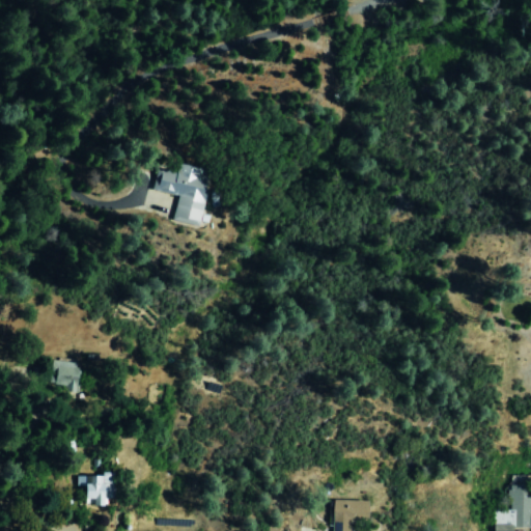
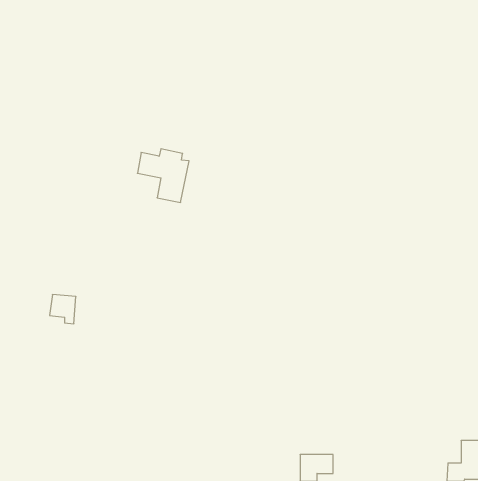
building: [52,361,81,393] -> [50,295,76,324]
building: [79,475,115,506] -> none

